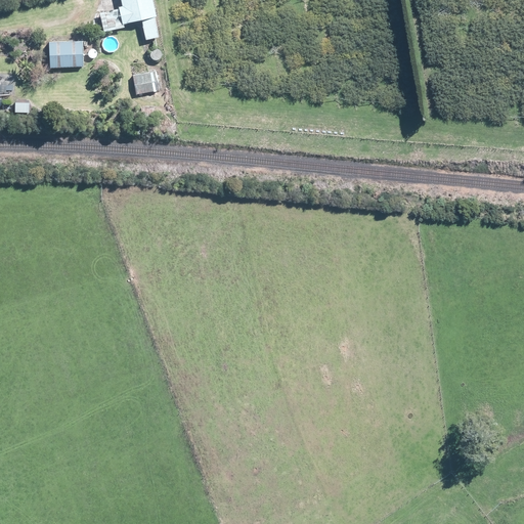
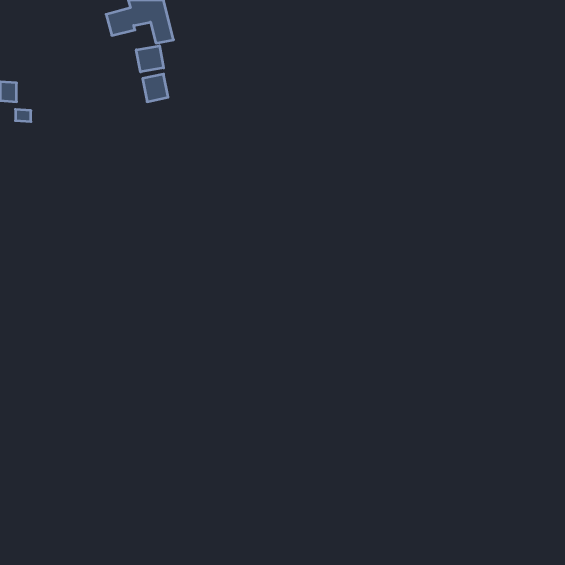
building: [49,40,83,67] -> none
building: none -> [136,46,164,72]

